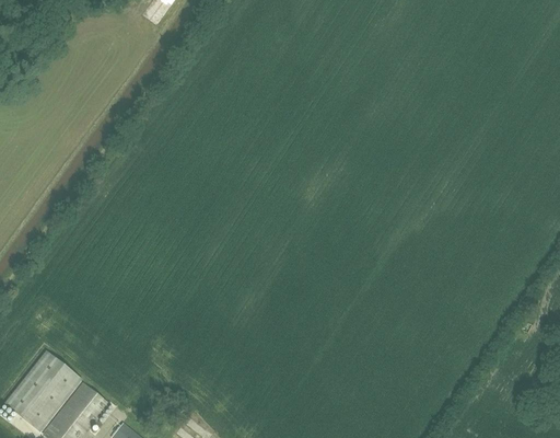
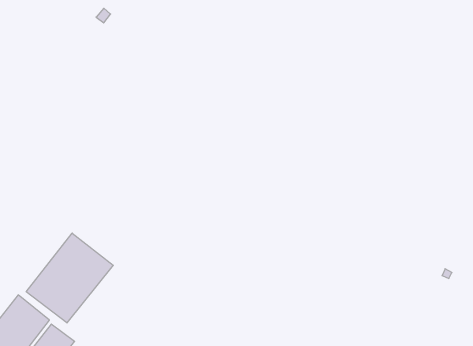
building: none -> [26,233,113,323]

